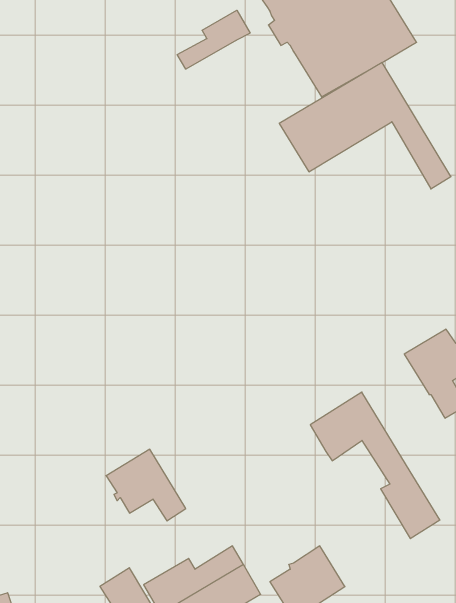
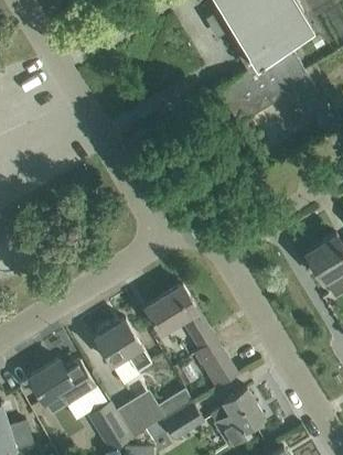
building: [177,10,250,69] -> none
building: [310,392,440,539] -> [146,285,237,389]
building: none -> [29,361,95,414]

